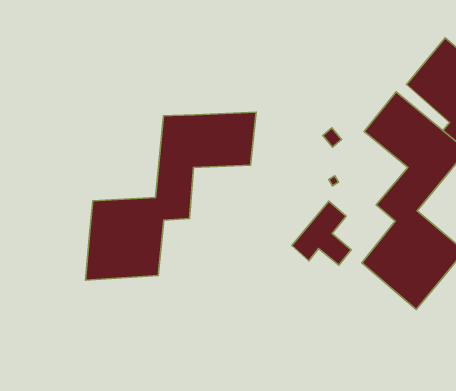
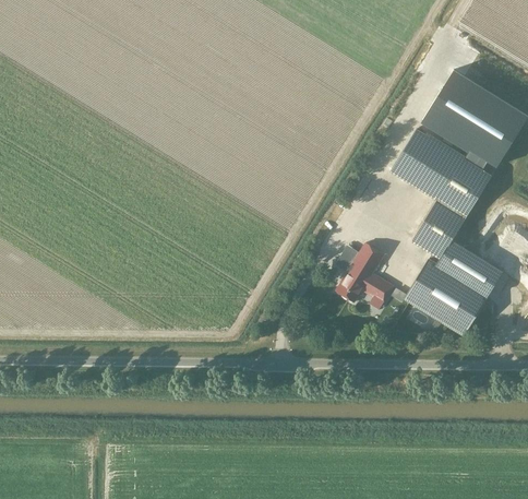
building: [85,112,256,280] -> none

